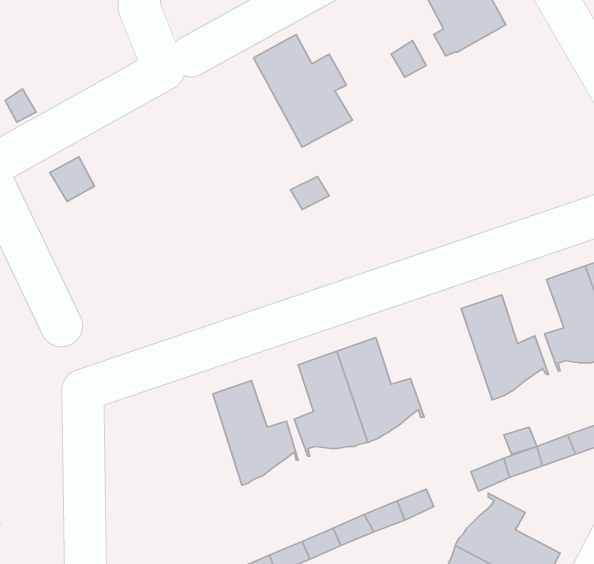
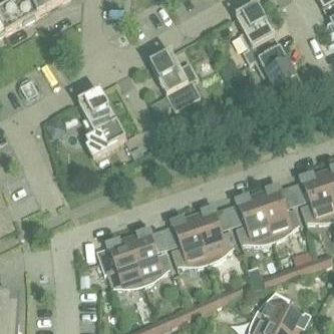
building: none -> [255,45,302,102]
building: none -> [78,89,125,152]
building: none -> [235,192,273,246]
building: none -> [106,236,143,290]

